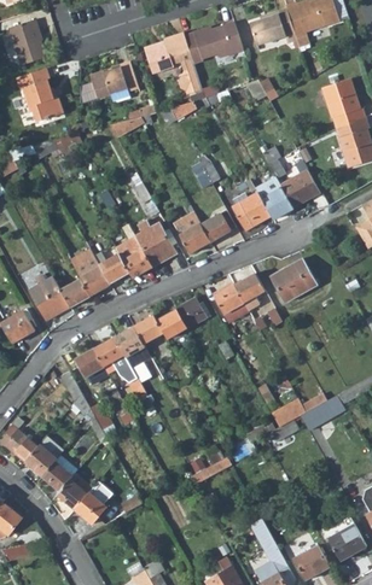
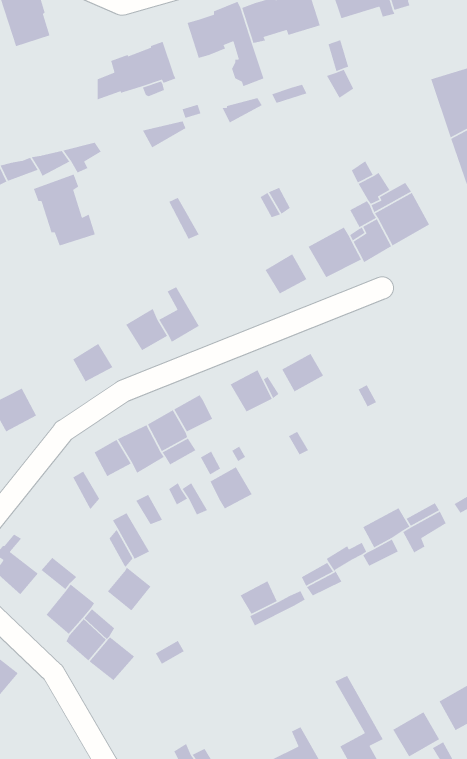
building: [16,66,62,119] -> [33,174,96,247]
building: [174,212,211,255] -> none
building: [136,222,176,267] -> none
building: [71,250,111,297] -> none
building: [271,261,318,304] -> none
building: [234,274,266,310] -> none
building: [30,276,70,321] -> none
building: [156,309,187,340] -> [210,466,253,509]
building: [23,444,56,476] -> [107,567,152,611]

